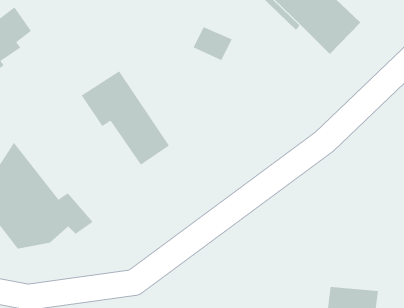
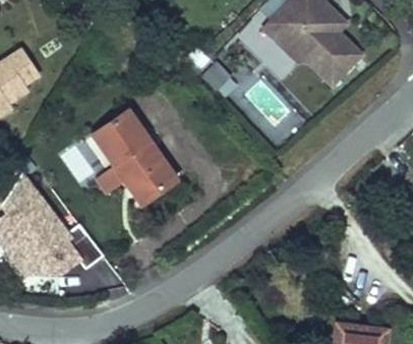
building: none -> [93,155,149,203]

